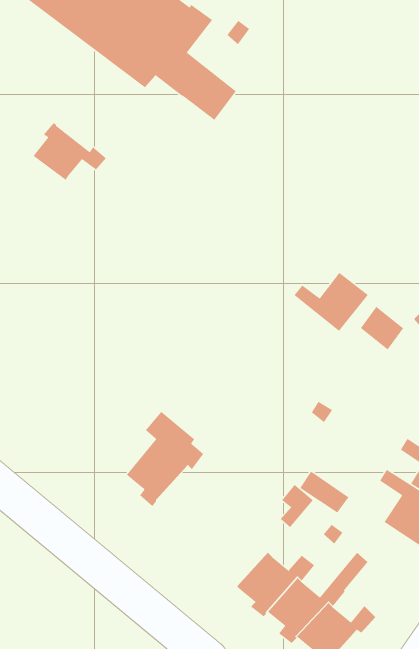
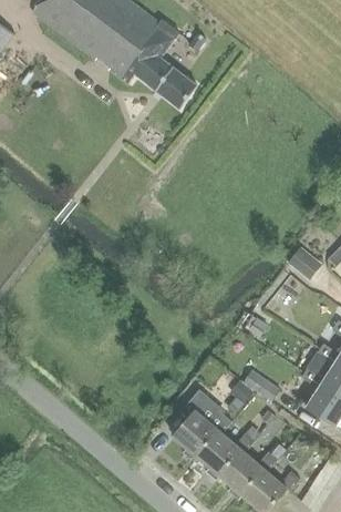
building: [33,122,107,181] -> none
building: [293,272,369,332] -> none
building: [126,411,204,507] -> [173,389,231,461]

